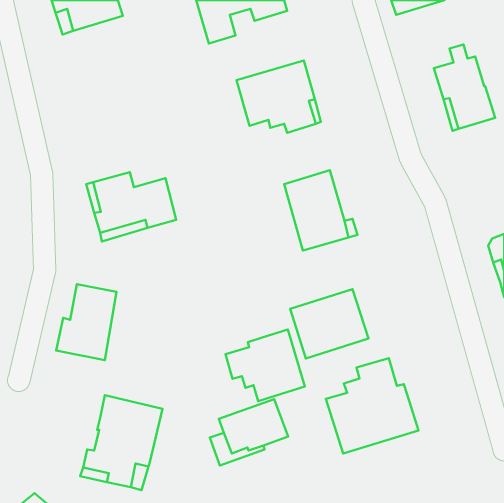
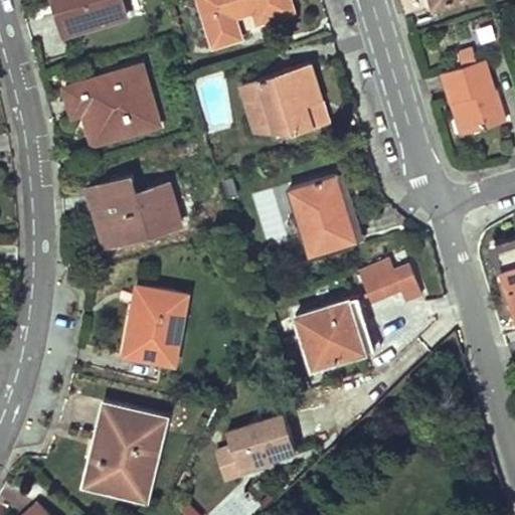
building: none -> [64,66,157,146]
building: none -> [357,260,423,302]
building: [56,284,117,360] -> [123,288,184,365]
building: [226,329,305,401] -> none
building: [326,358,418,453] -> none

